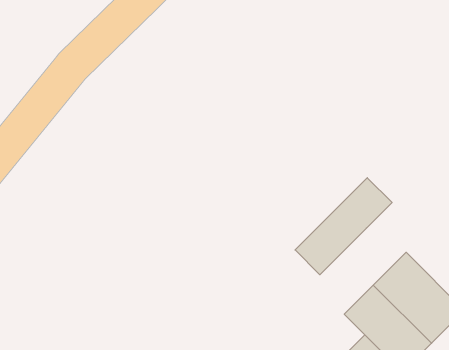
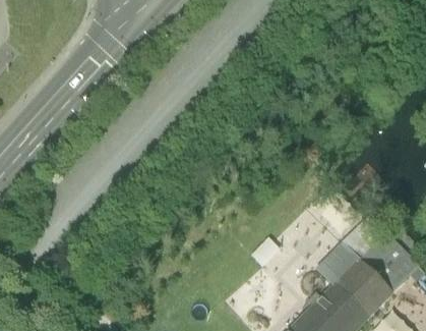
building: [295,178,392,275] -> none

